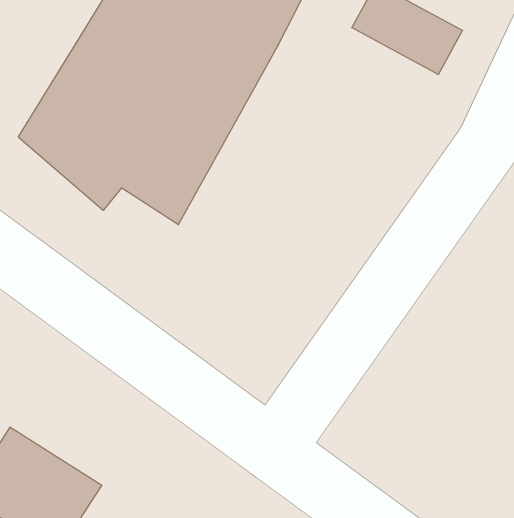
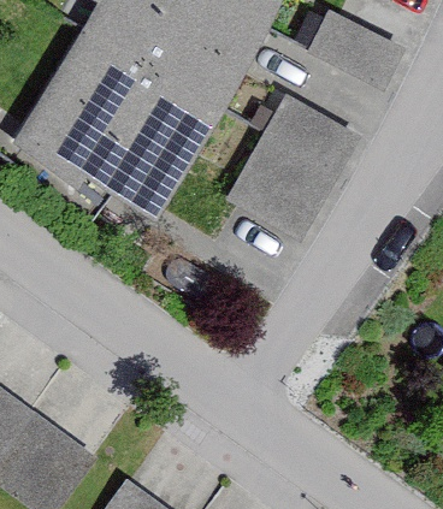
building: none -> [223,97,350,242]

